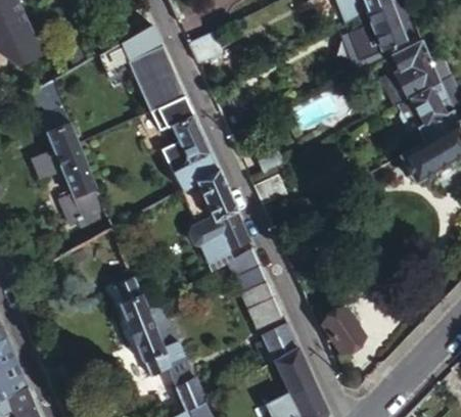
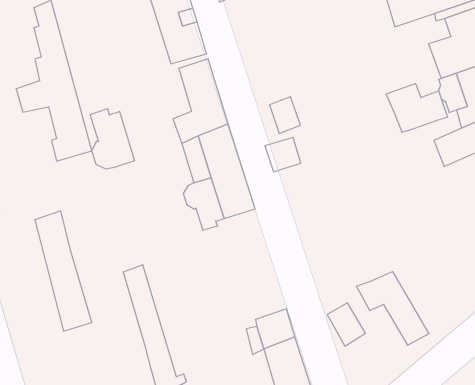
building: none -> [386,84,447,132]
building: none -> [90,109,135,169]
building: [226,249,285,331] -> none
building: [109,274,169,377] -> [35,211,92,331]
building: none -> [357,272,429,345]

